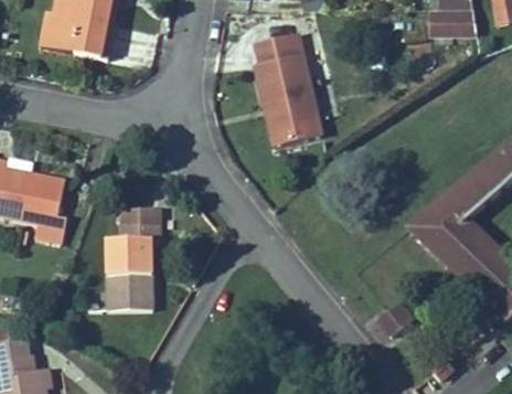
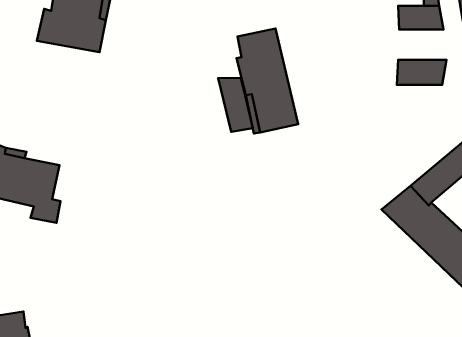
building: none -> [397,60,447,85]
building: none -> [218,78,253,132]
building: [106,206,160,309] -> none

